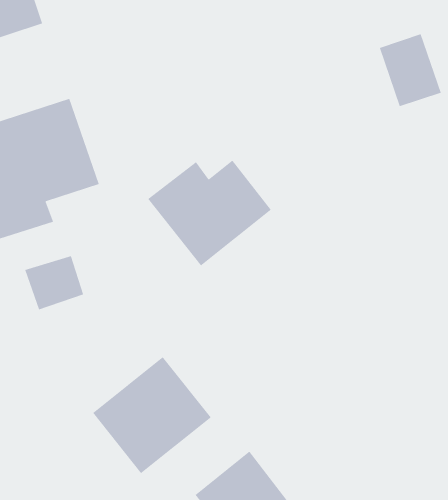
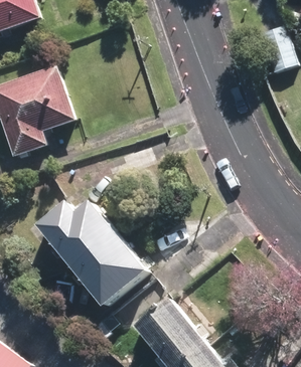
building: [147,160,272,267] -> [38,204,118,272]

